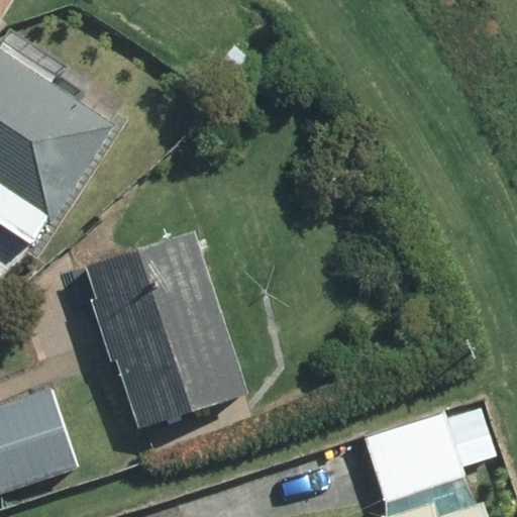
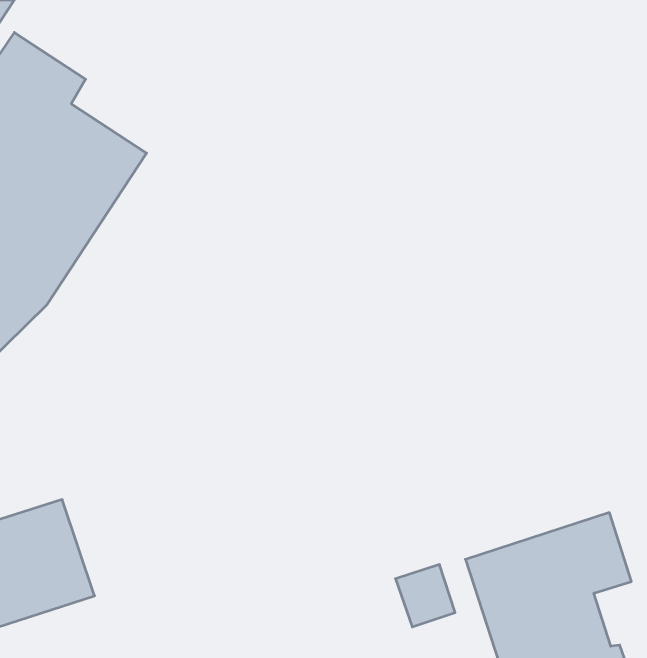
building: [87,232,245,427] -> none

